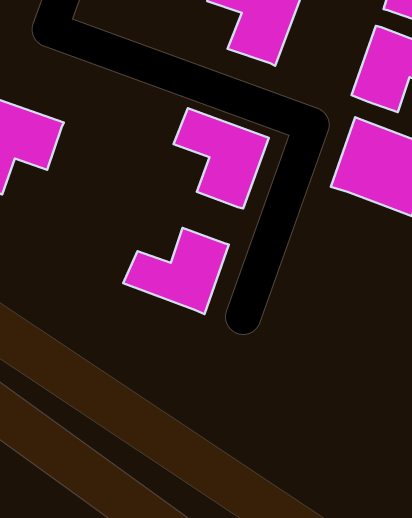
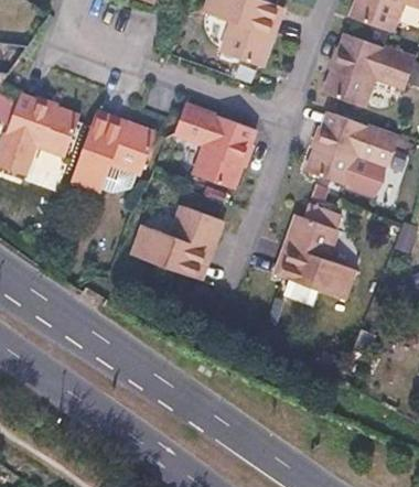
building: none -> [68,112,165,195]
building: none -> [277,215,357,301]

